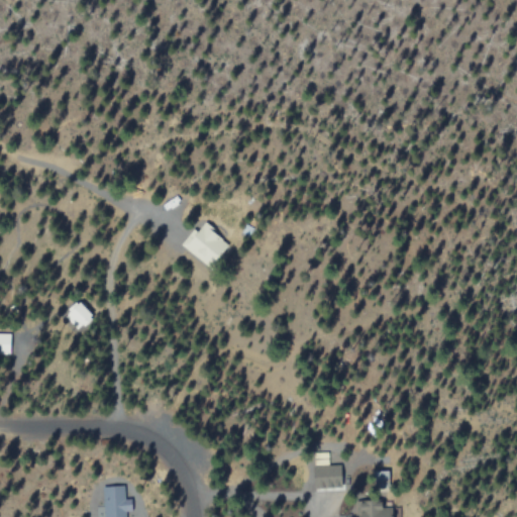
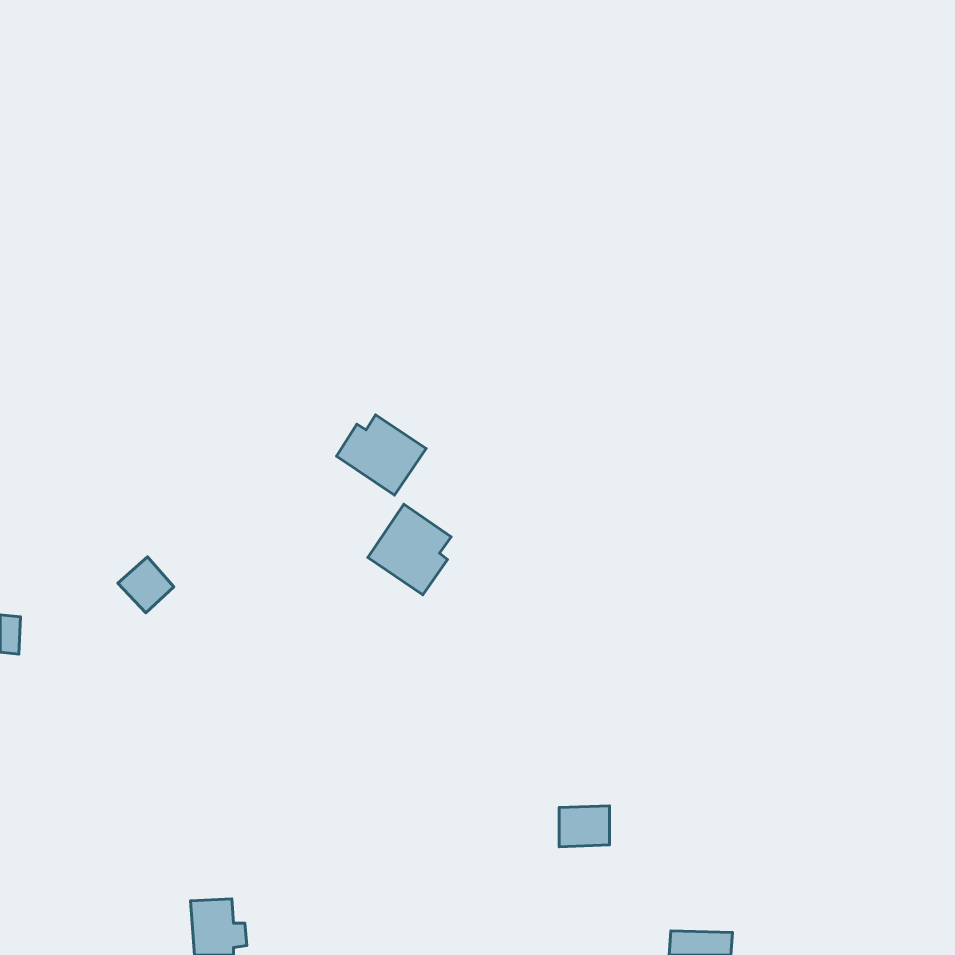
building: none -> [368,504,451,595]
building: [315,466,342,488] -> [559,806,610,847]

